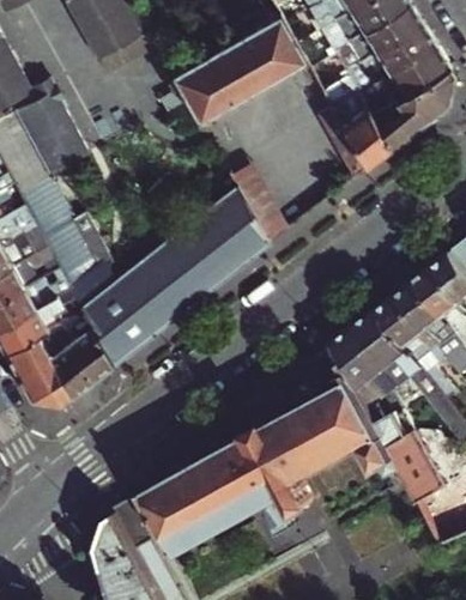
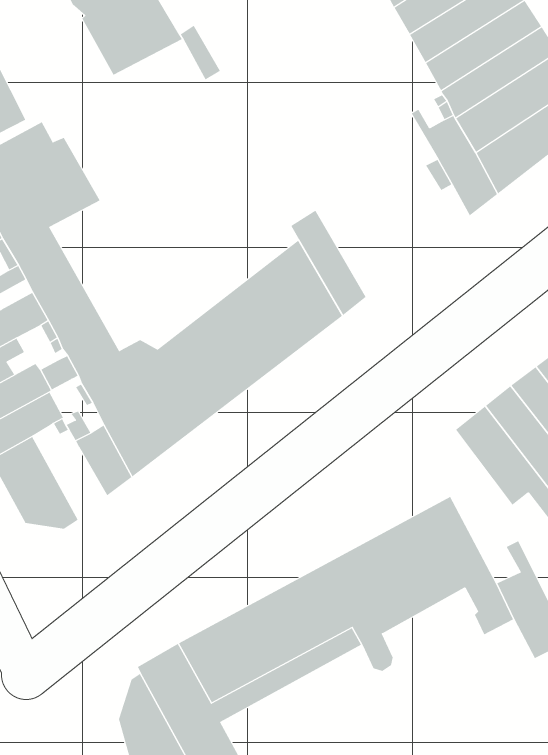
building: [173,16,307,121] -> none
building: [36,327,92,398] -> none
building: [335,329,405,446] -> none

